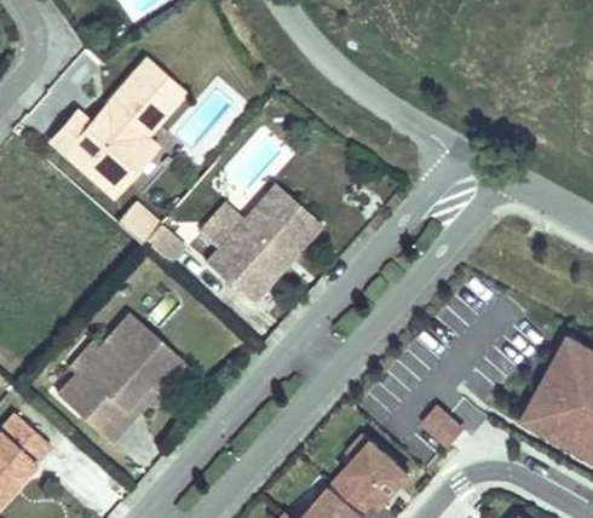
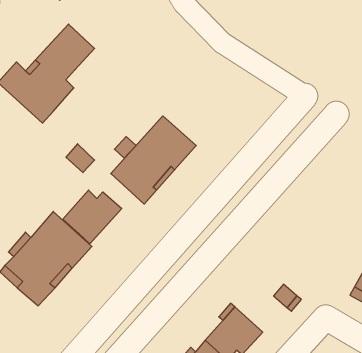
building: none -> [63,190,122,244]

